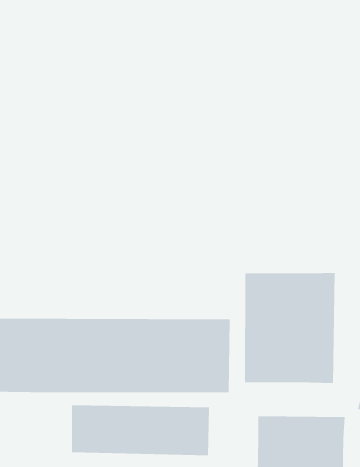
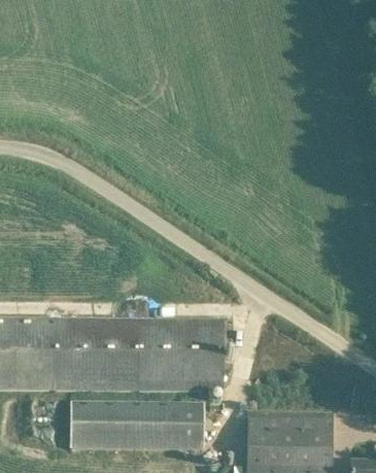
building: [244,272,335,384] -> none

